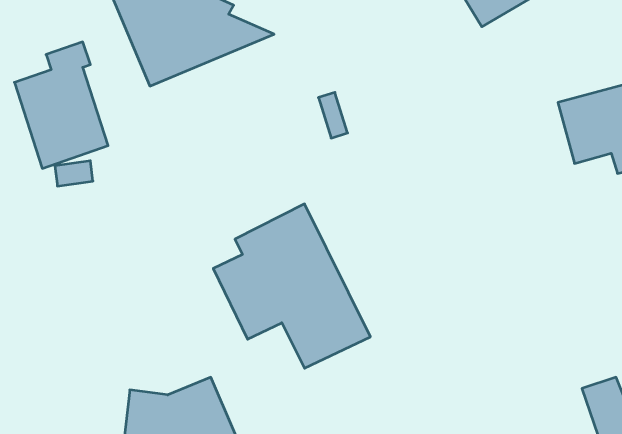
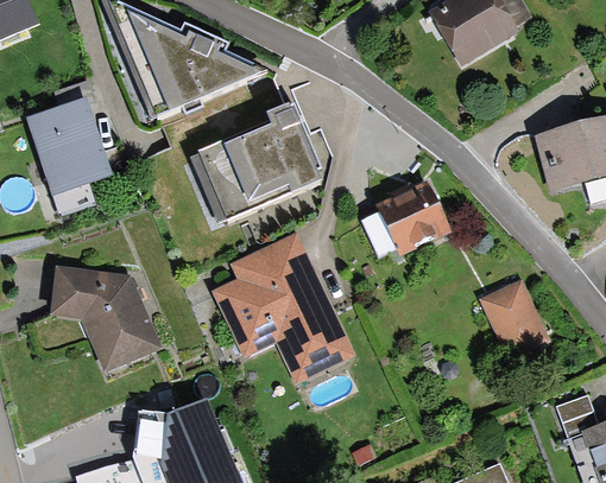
building: none -> [197,107,322,224]
building: none -> [360,182,453,258]
building: none -> [50,266,162,373]
building: none -> [479,279,550,360]

